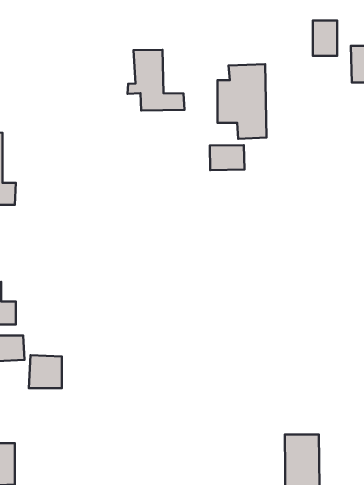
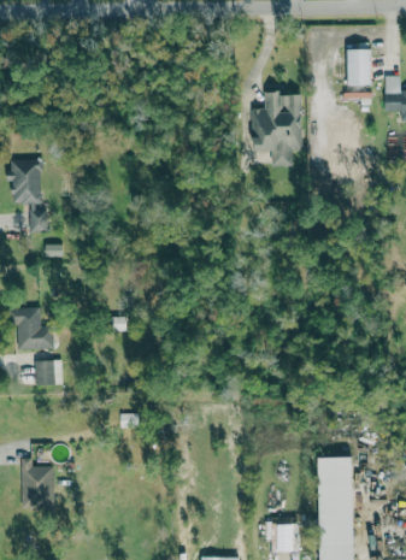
building: [127,50,185,110] -> none
building: [210,145,244,170] -> none
building: [29,355,62,388] -> none

